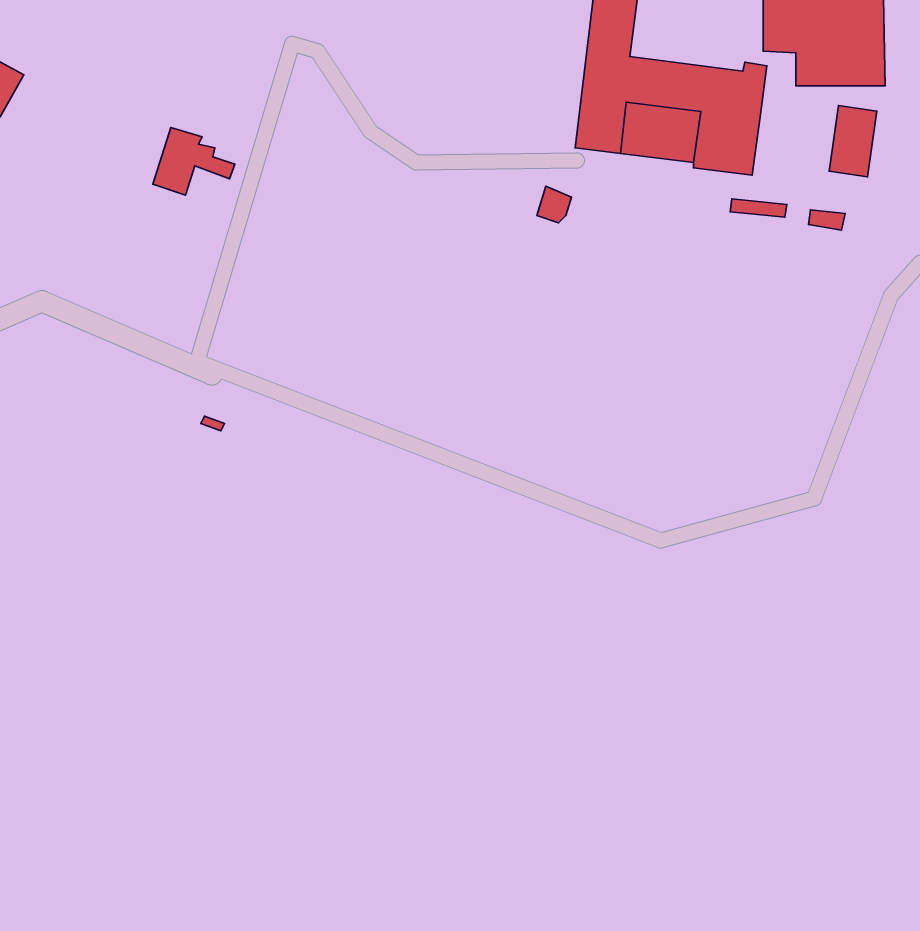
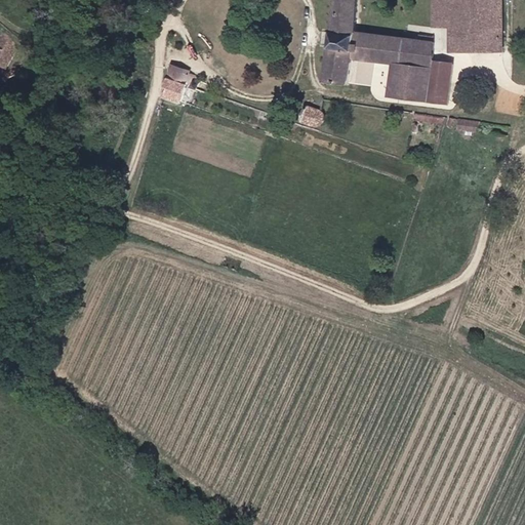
building: [829,106,877,177] -> [422,62,449,102]
building: [153,128,235,195] -> [159,64,205,102]

